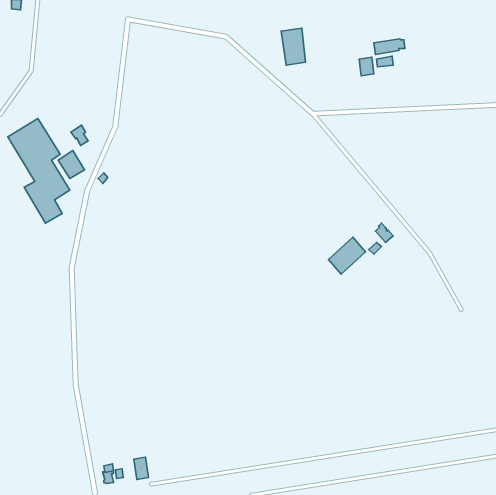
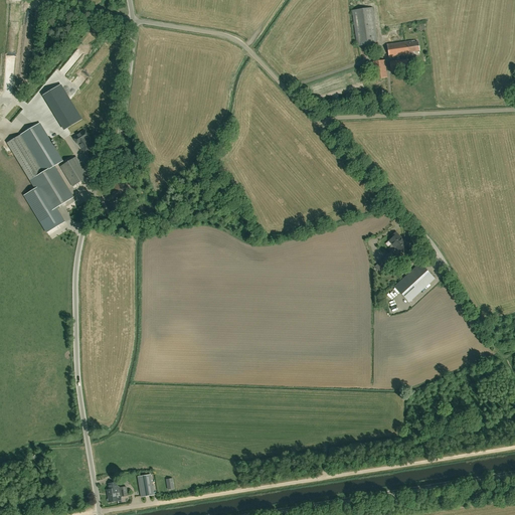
building: [281,28,306,65] -> [352,7,377,45]
building: none -> [43,83,81,129]
building: [328,237,365,274] -> [395,263,434,301]

